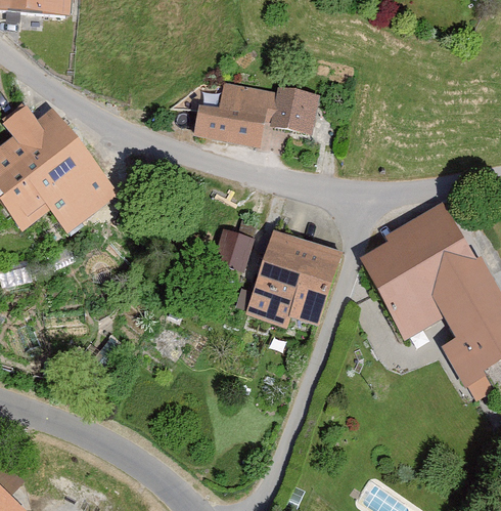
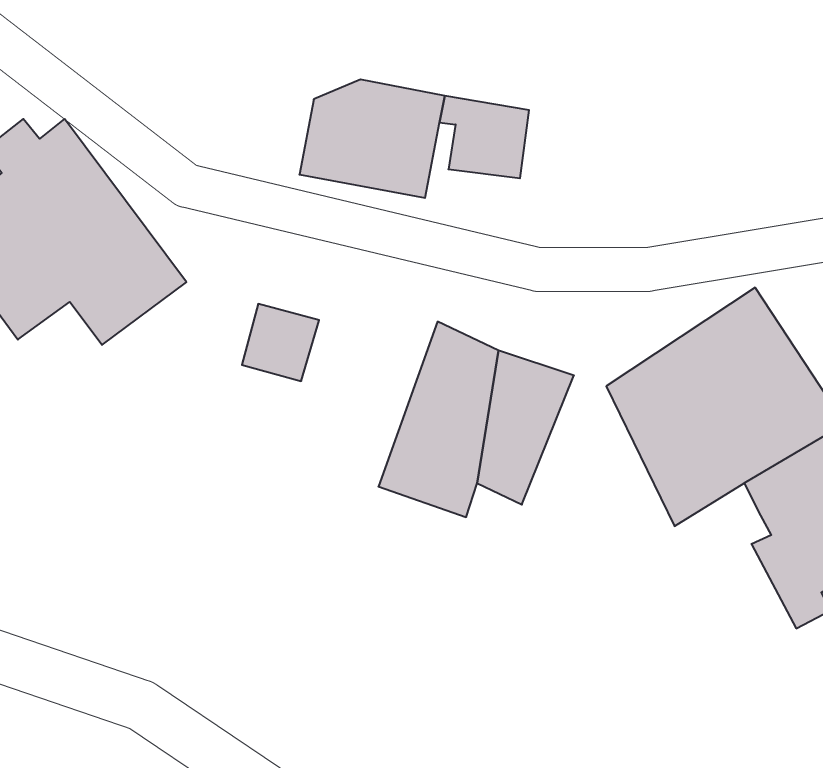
building: [211,225,255,269] -> [242,304,319,381]

